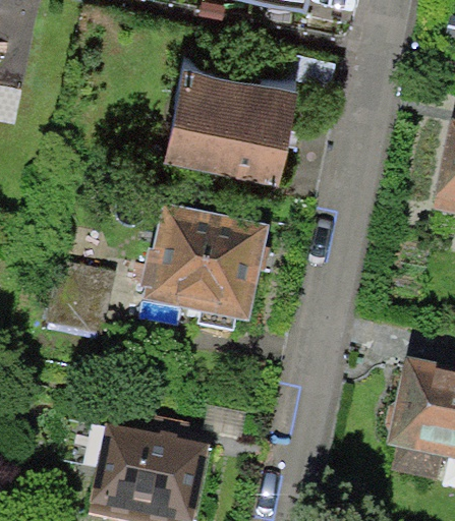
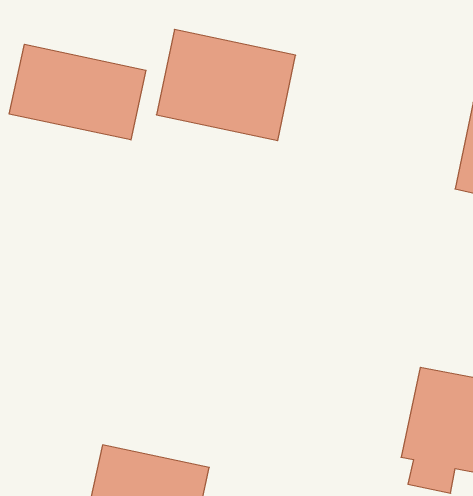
building: none -> [9,44,146,140]
building: [141,210,262,335] -> none

